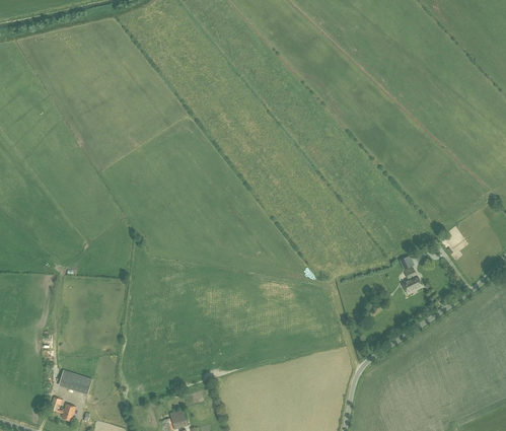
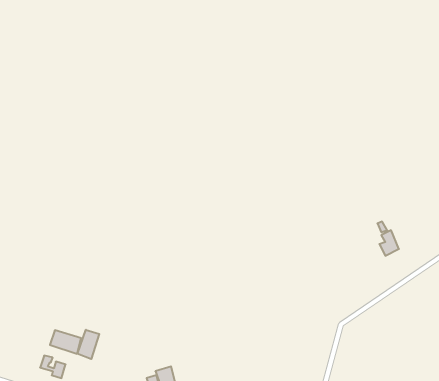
building: none -> [78,330,99,359]

